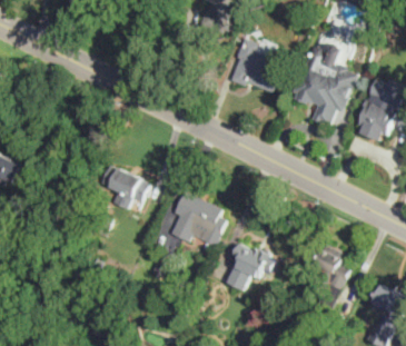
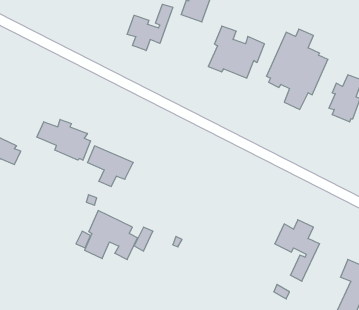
building: none -> [127,4,173,51]
building: none -> [37,119,90,160]
building: [168,191,225,244] -> [85,211,138,260]
building: [225,245,273,290] -> none

